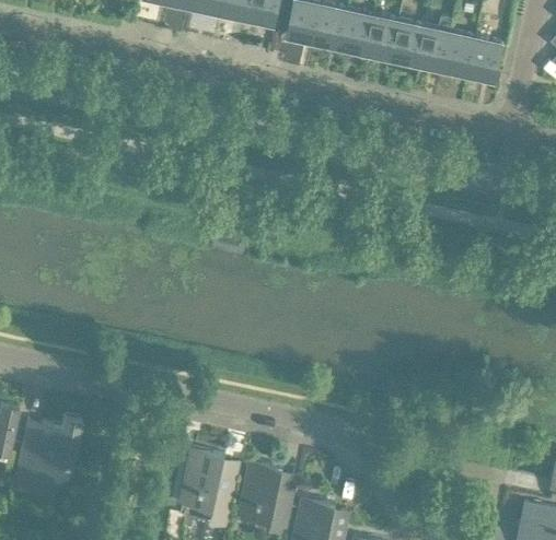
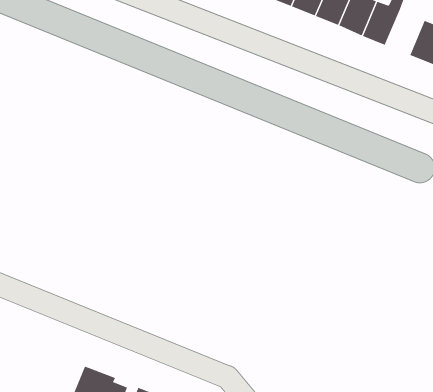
building: [440,33,475,77] -> none

